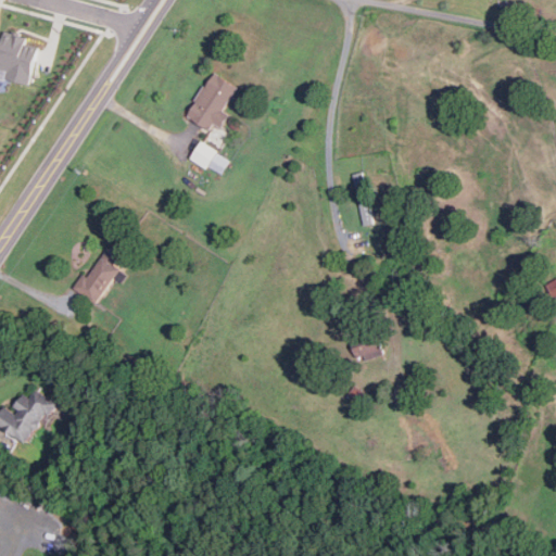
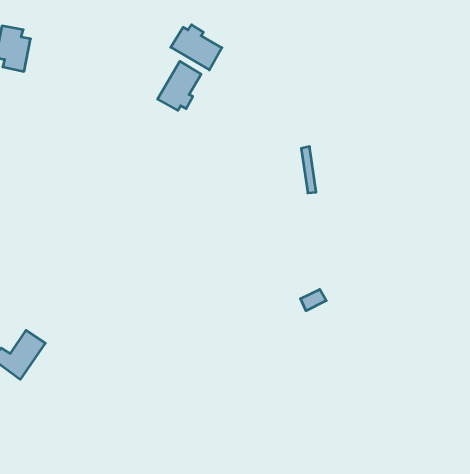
building: none -> [171,25,222,70]
building: [189,140,218,169] -> none
building: [73,249,119,304] -> none

